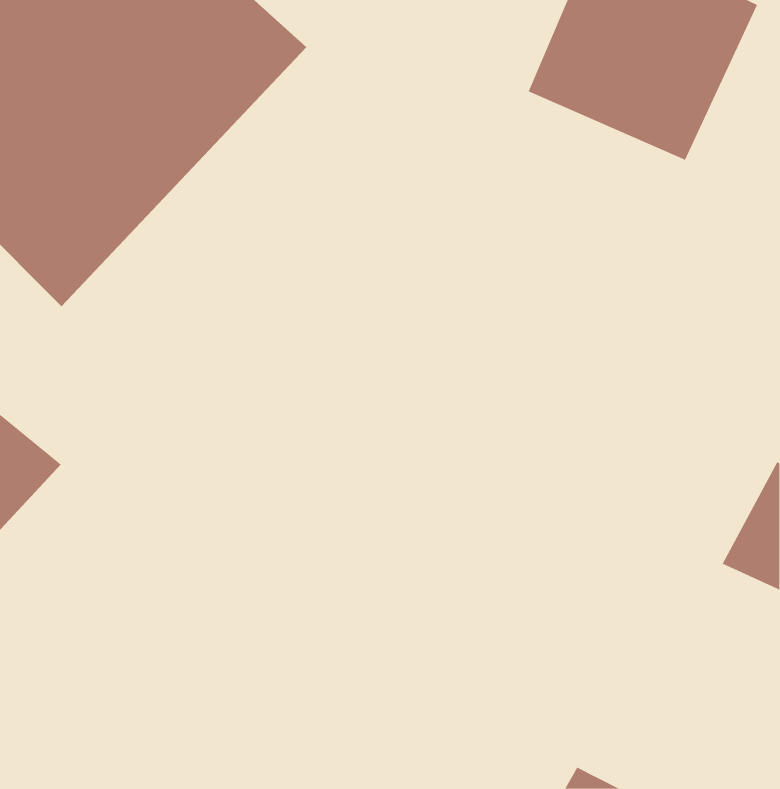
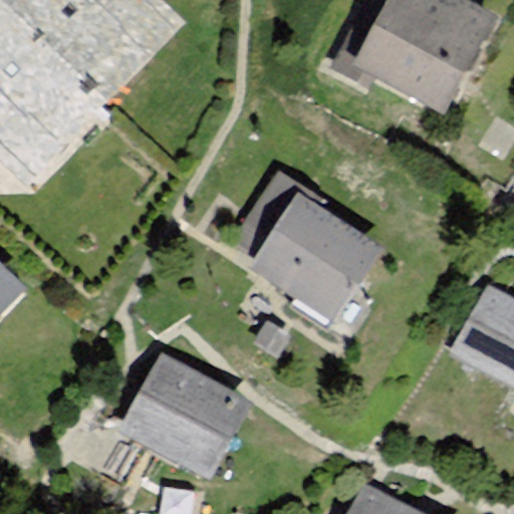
building: none -> [230,178,374,307]
building: none -> [126,363,262,486]

